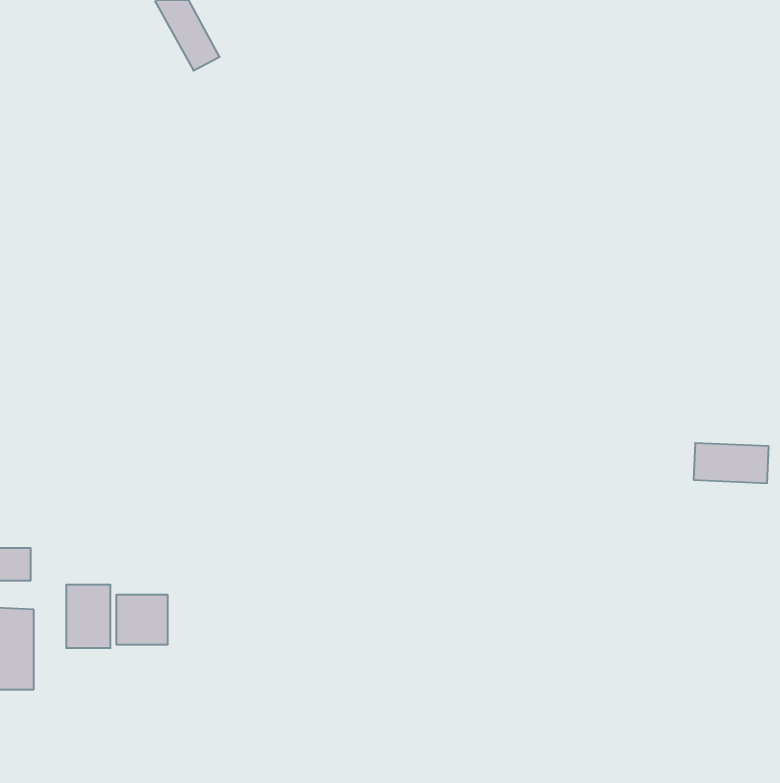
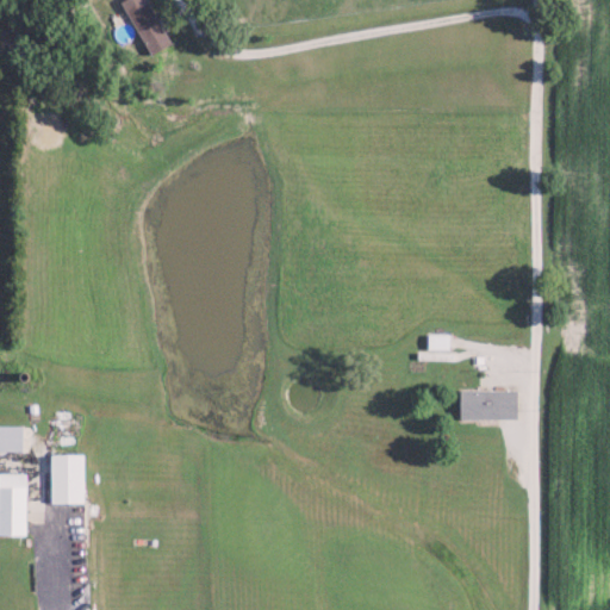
building: [694,443,769,483] -> [460,390,518,421]
building: [117,595,167,645] -> none

